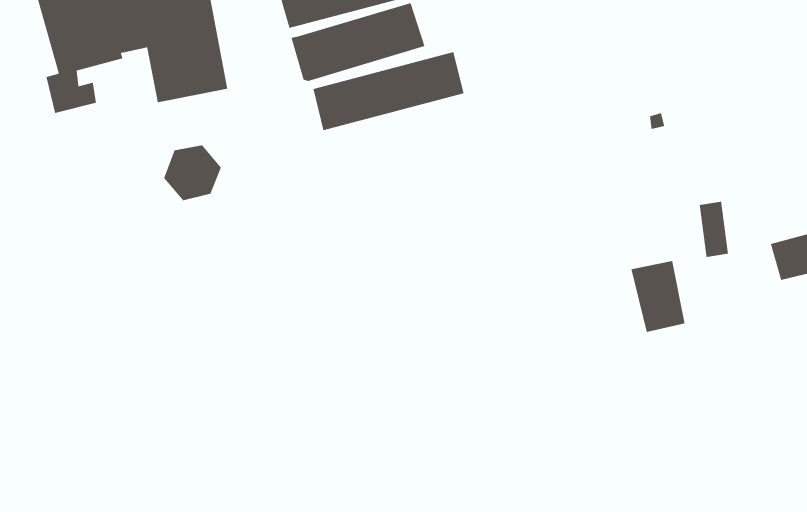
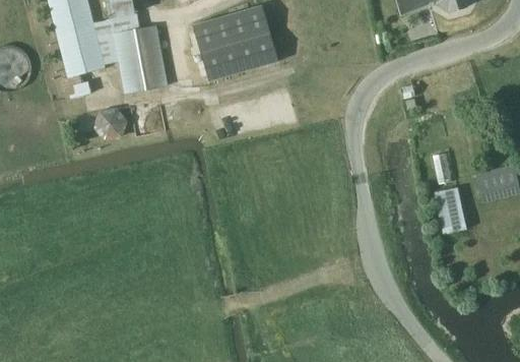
building: [312,51,464,131] -> none
building: [163,144,222,201] -> [93,107,127,139]
building: [630,260,685,333] -> [433,186,464,228]

